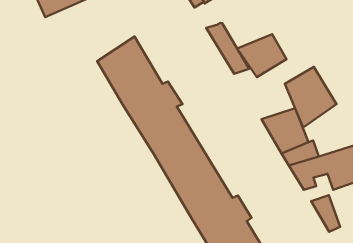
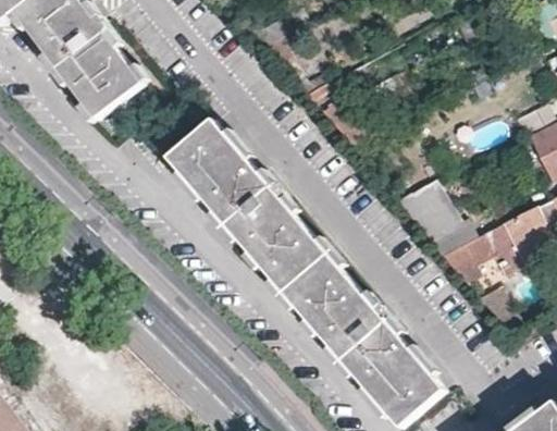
building: [237,34,287,77] -> none
building: [285,67,337,128] -> none

